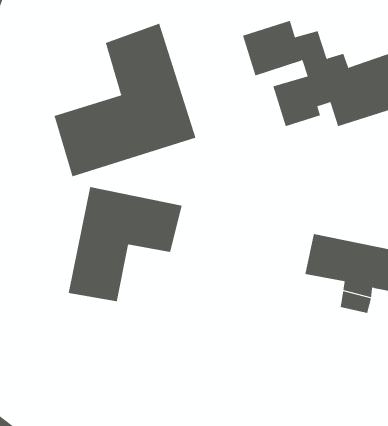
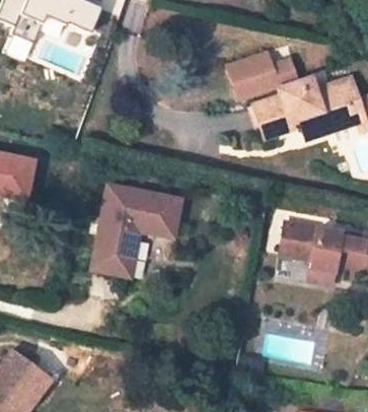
building: [54,23,196,177] -> none

